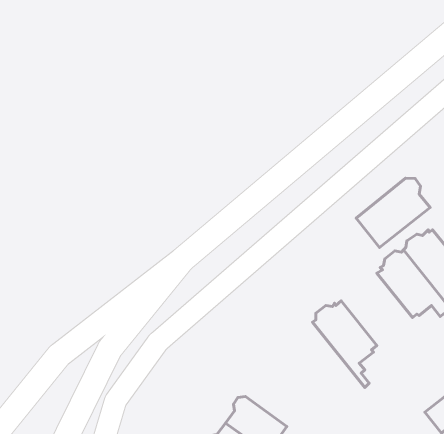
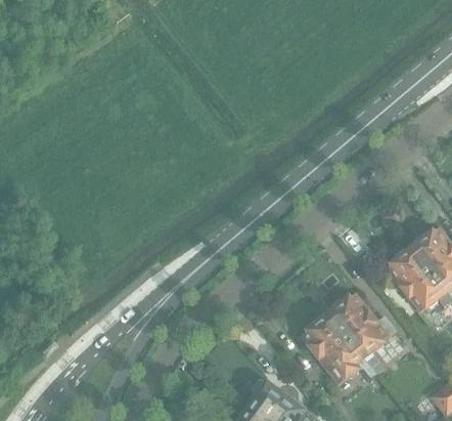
building: [356,178,430,248] -> none
building: none -> [302,313,375,384]

